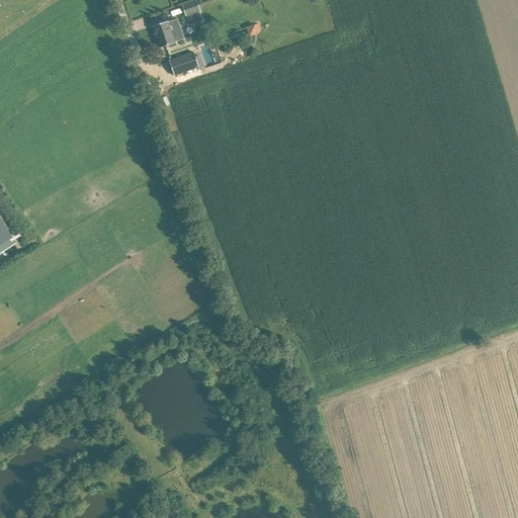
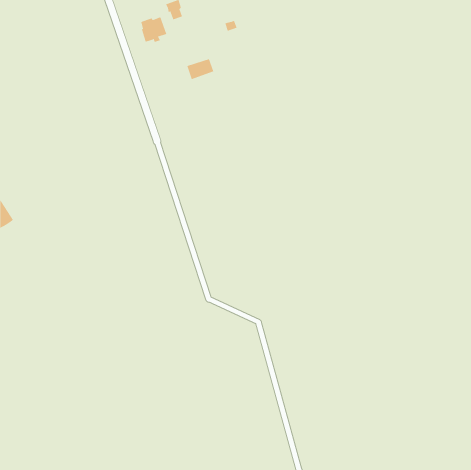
building: [168,51,198,74] -> [186,59,214,80]

